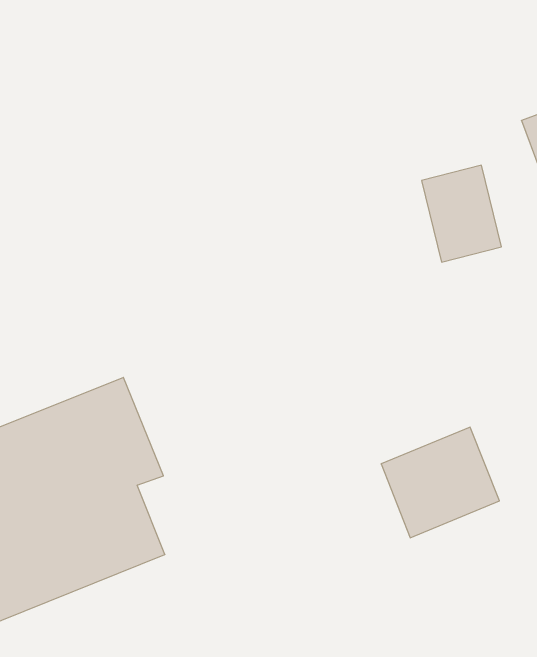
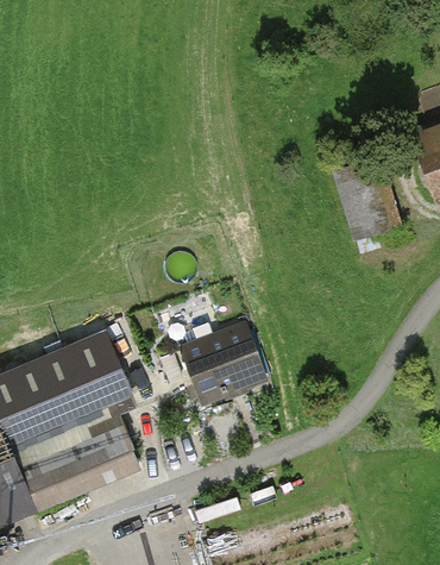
building: [381,427,499,538] -> [177,319,269,404]

